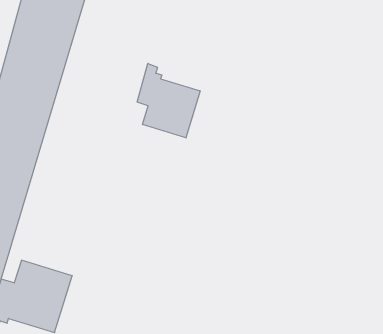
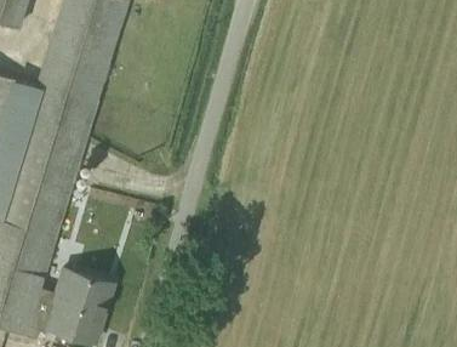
building: [137,63,200,138] -> none

